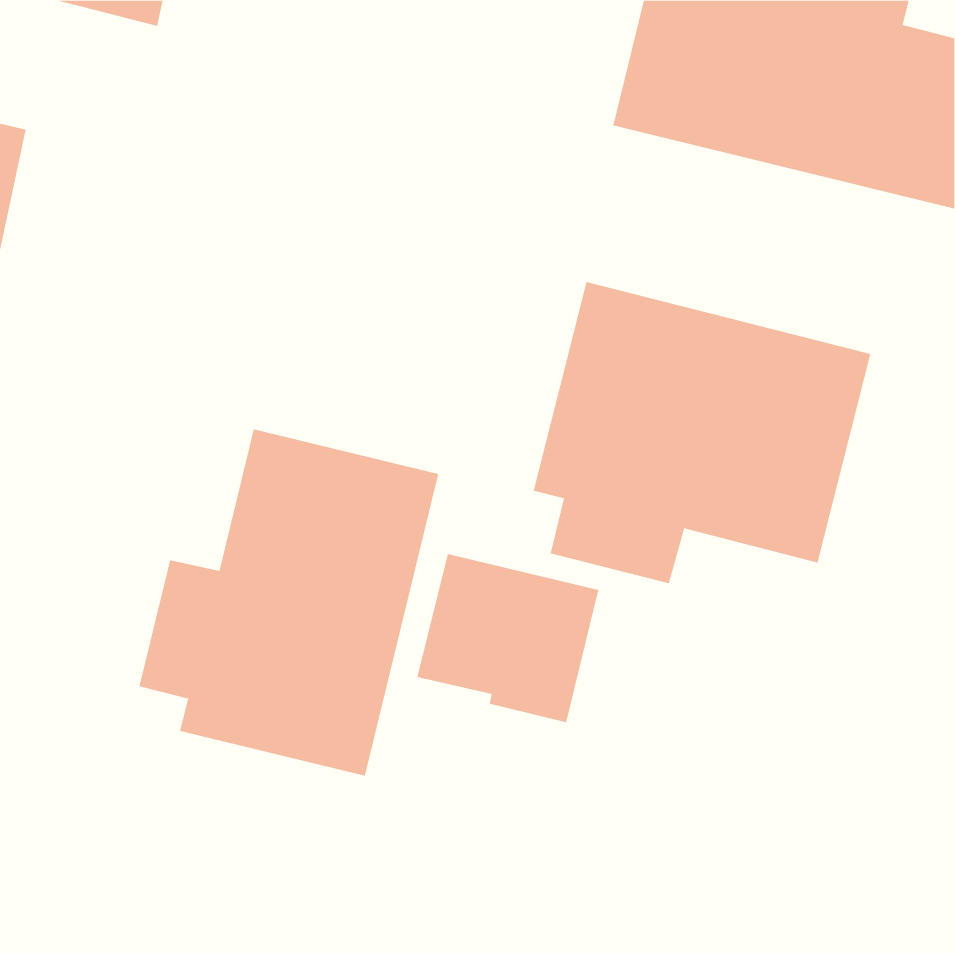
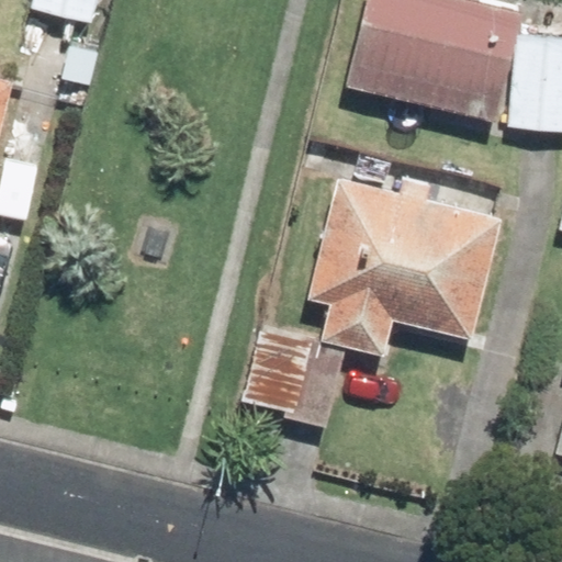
building: [139,429,439,776] -> none

